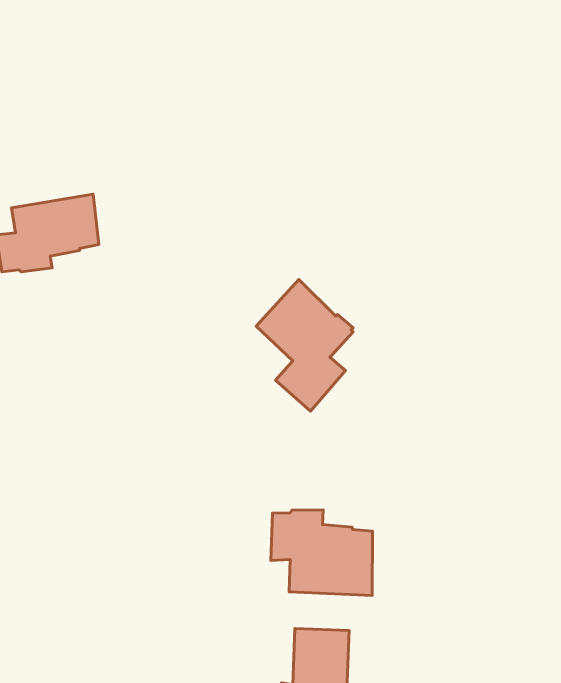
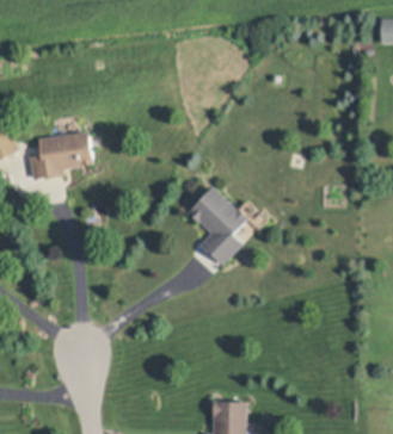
building: [271,510,372,595] -> none

